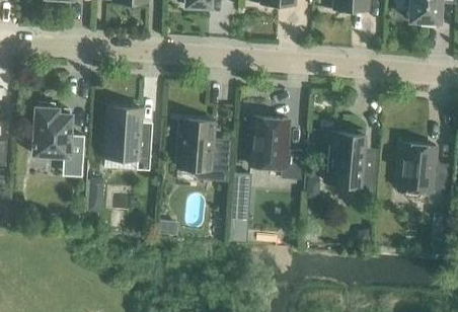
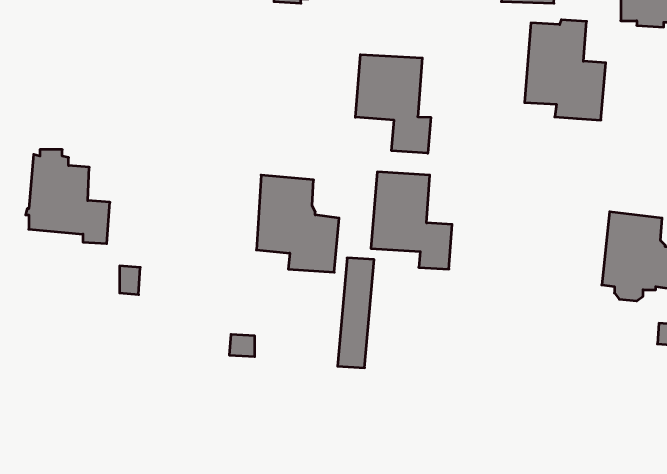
building: none -> [355,55,431,153]
building: [105,107,152,171] -> none
building: [325,130,377,193] -> [525,20,606,120]

